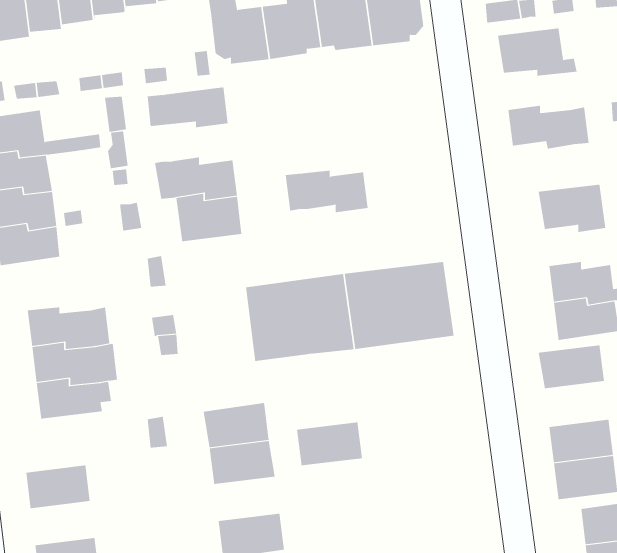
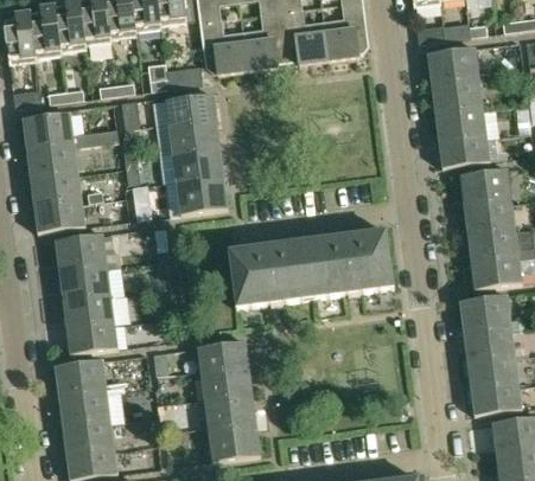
building: none -> [431,79,483,113]
building: none -> [438,135,490,168]
building: [285,170,368,213] -> [154,120,219,153]
building: none -> [463,200,515,235]
building: none -> [55,231,120,269]
building: none -> [463,322,514,358]
building: [296,422,363,466] -> [204,397,256,431]
building: none -> [53,358,104,393]
building: none -> [60,416,112,450]

